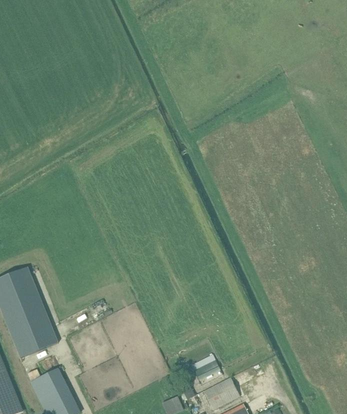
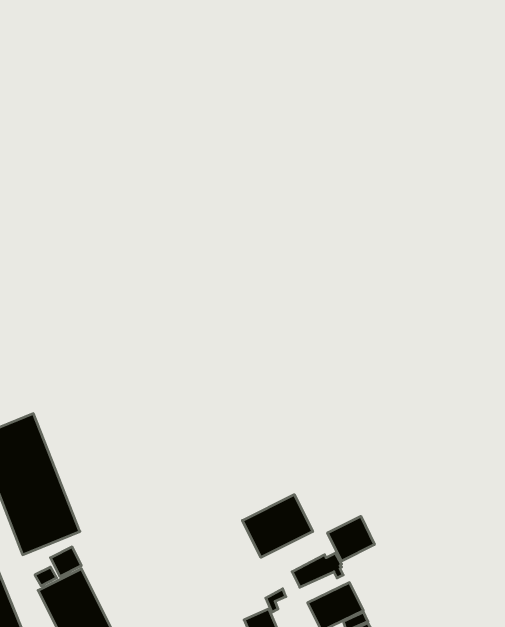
building: none -> [242,495,313,557]
building: none -> [328,516,374,561]

